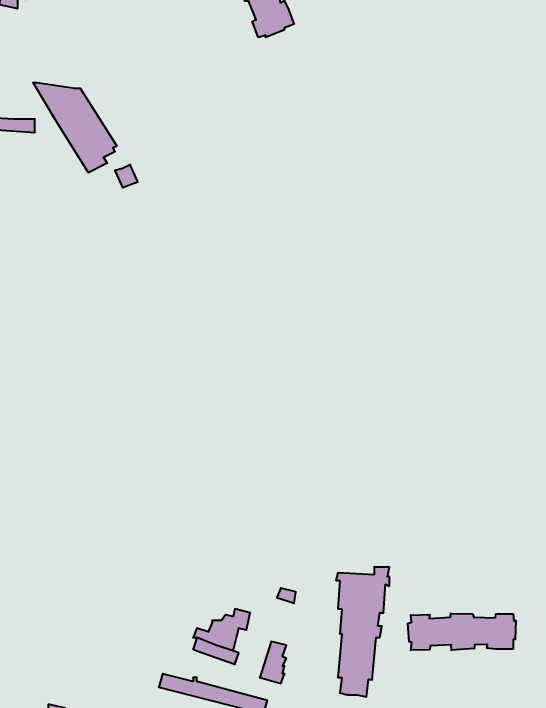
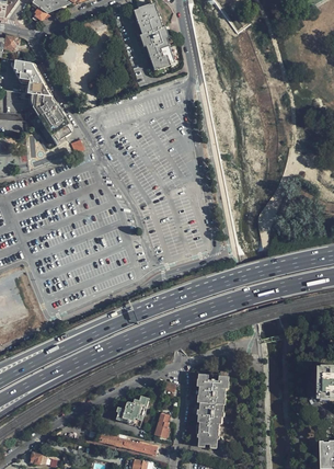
building: none -> [12,59,47,95]
building: [408,613,516,650] -> none

